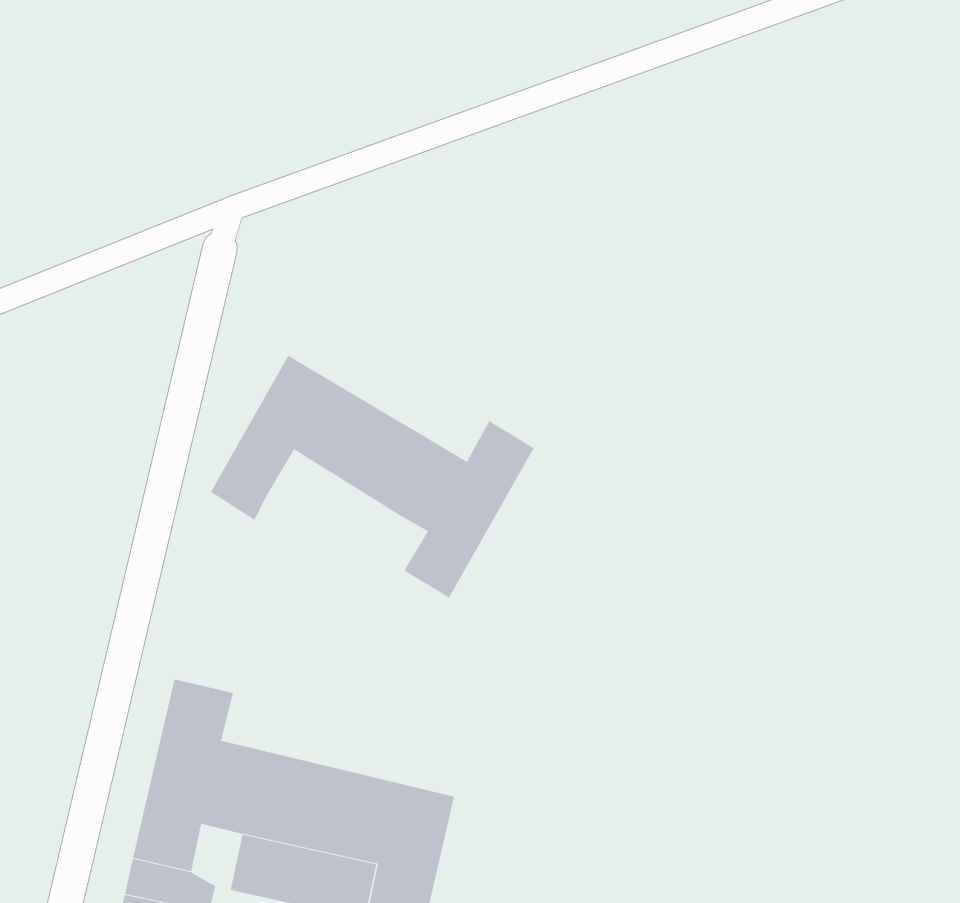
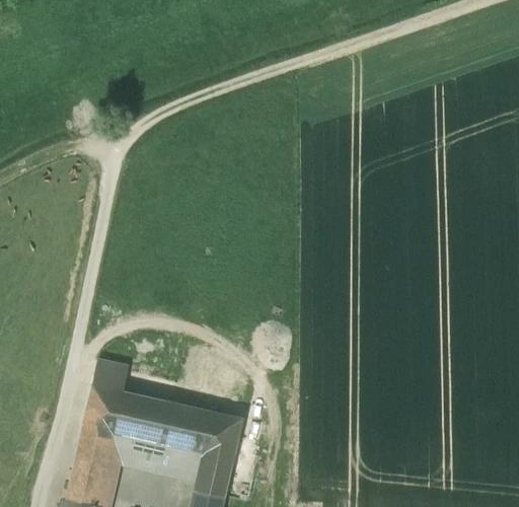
building: [210,355,535,598] -> none
building: none -> [108,434,134,467]

